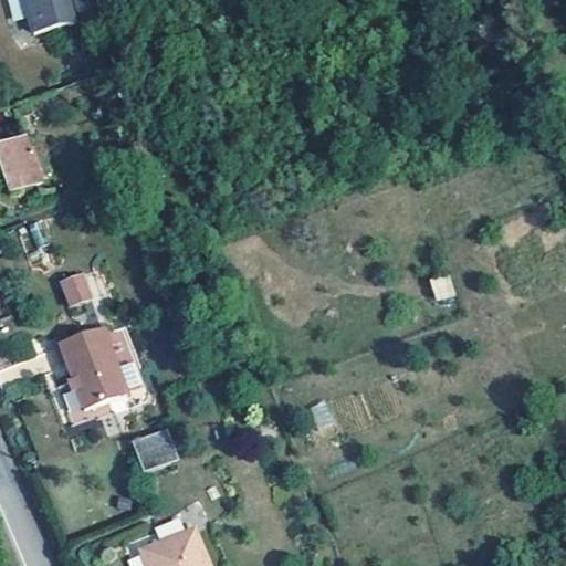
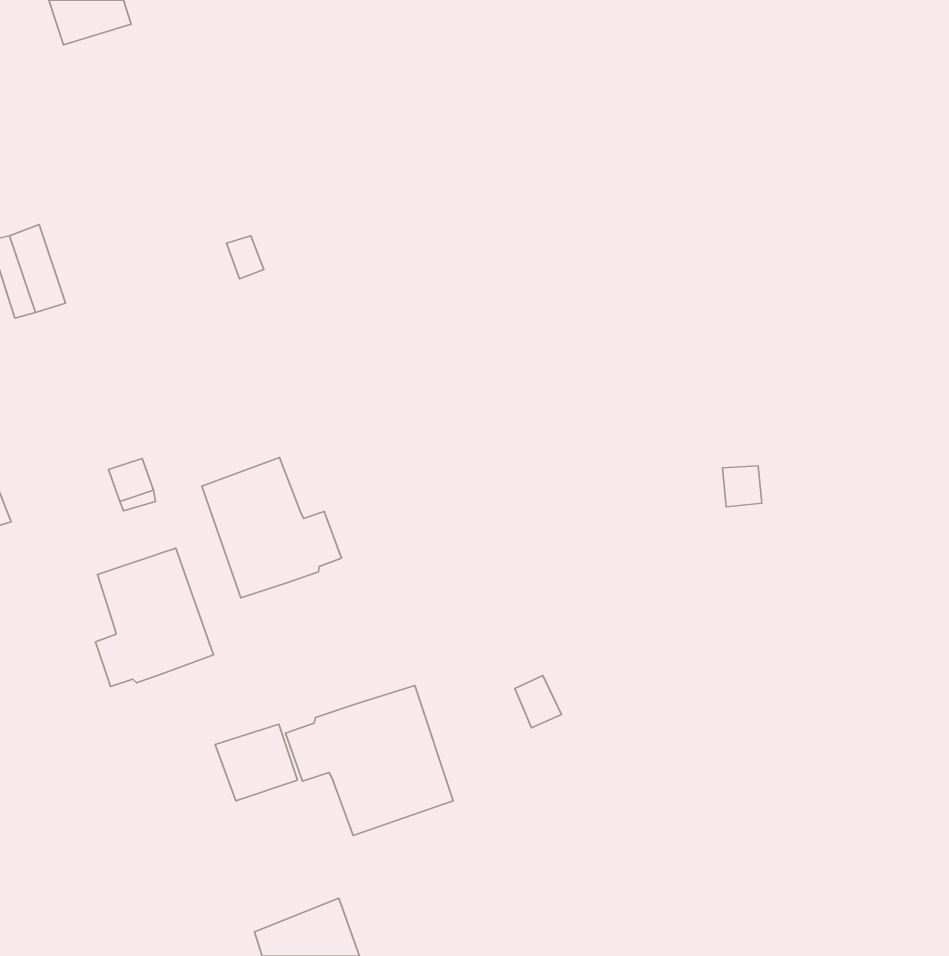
building: none -> [202,457,341,598]
building: none -> [286,686,453,835]

